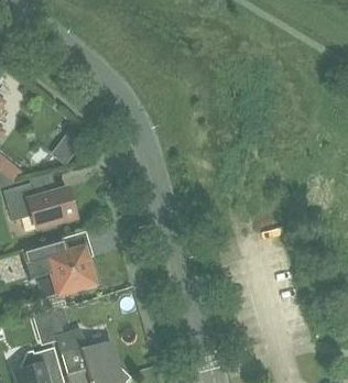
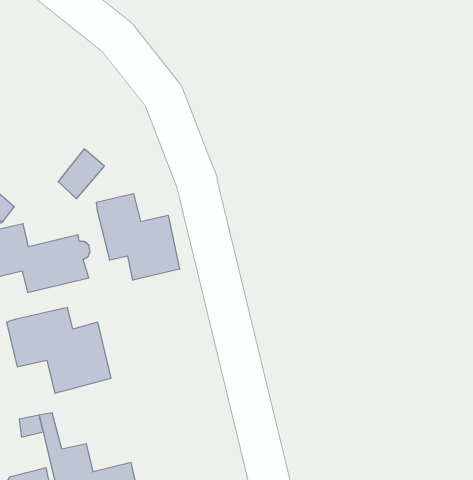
building: none -> [96,194,180,280]

